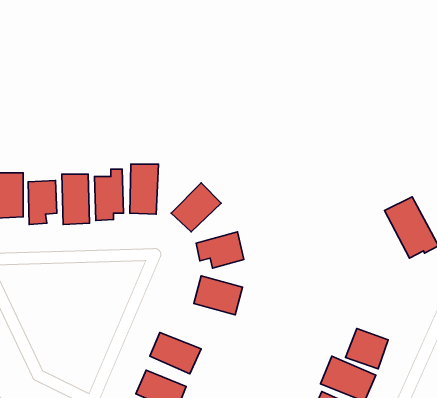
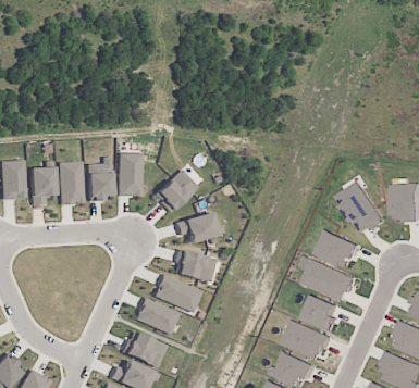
building: none -> [317,229,362,270]
building: none -> [305,259,358,301]
building: none -> [155,275,202,313]

